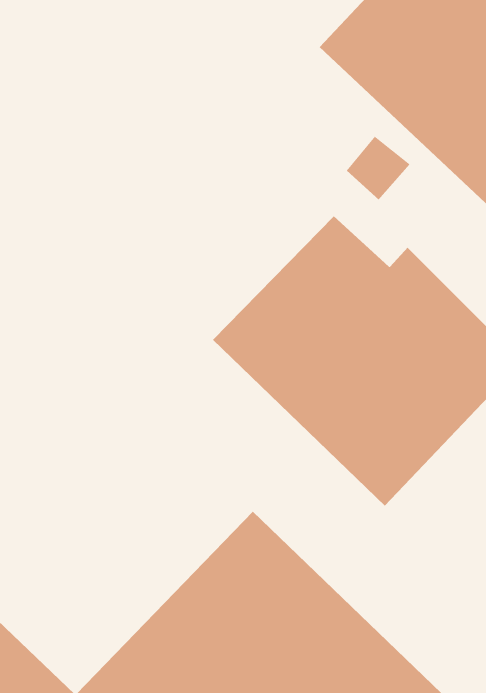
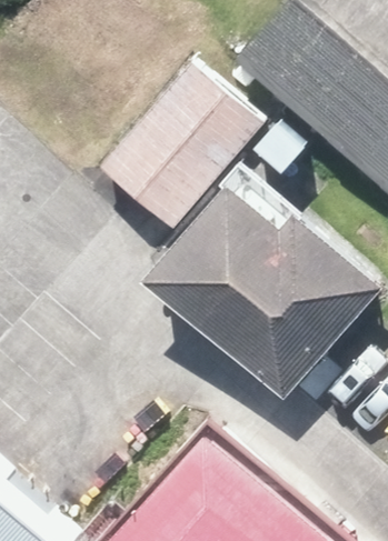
building: none -> [102,66,262,229]

